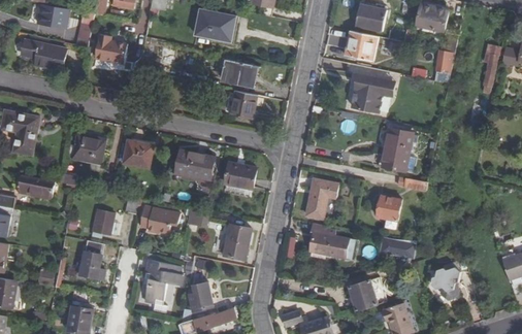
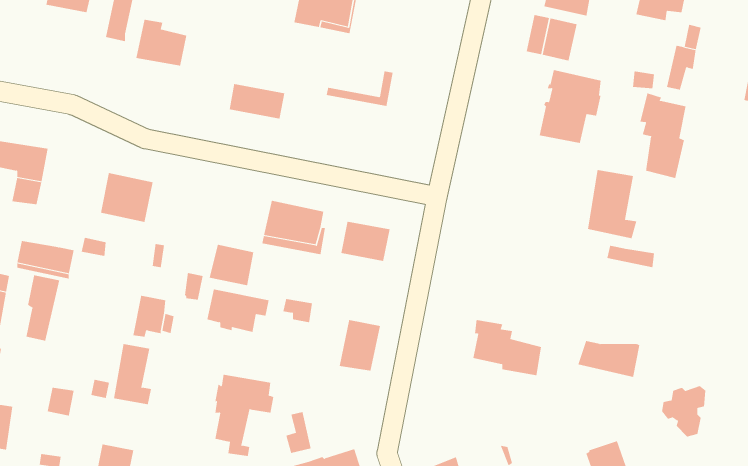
building: [23,39,67,69] -> none
building: [217,60,253,82] -> [229,84,285,119]
building: none -> [640,92,686,179]
building: [231,91,257,118] -> none
building: [124,139,153,166] -> [209,244,254,286]
building: [305,180,338,222] -> none
building: none -> [26,275,60,341]
building: [377,197,400,223] -> none
building: [348,280,377,311] -> none

